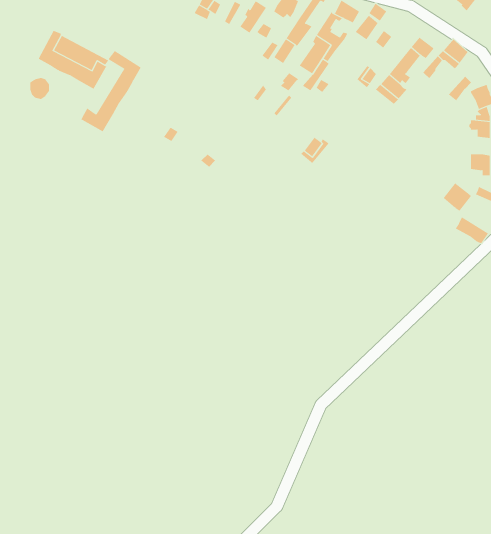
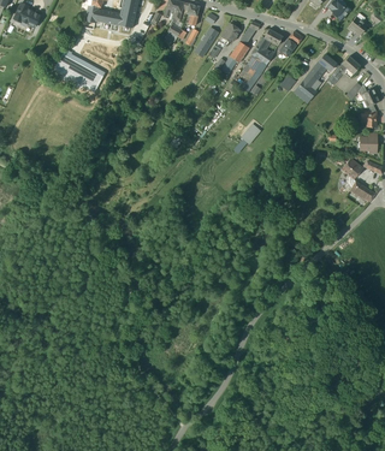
building: [80,50,142,132] -> none

